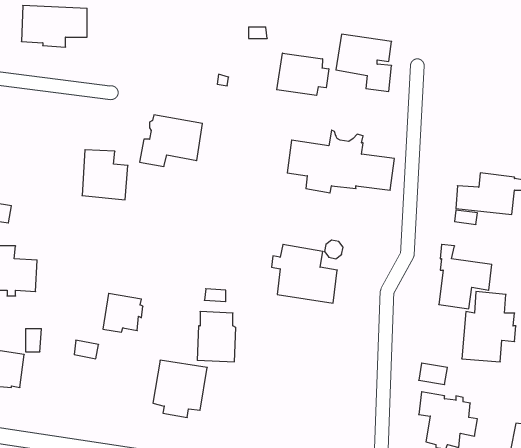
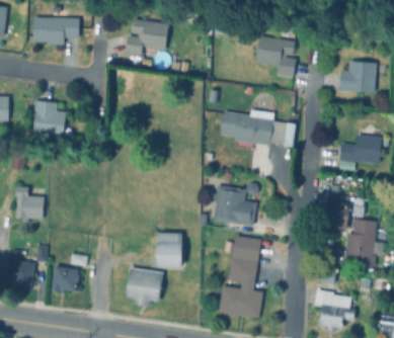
building: [277,53,329,95] -> none
building: none -> [340,62,377,93]
building: [140,115,202,166] -> [125,18,169,55]
building: [82,150,128,200] -> [33,101,66,137]
building: [103,293,143,332] -> [51,265,79,292]
building: none -> [218,235,263,318]

